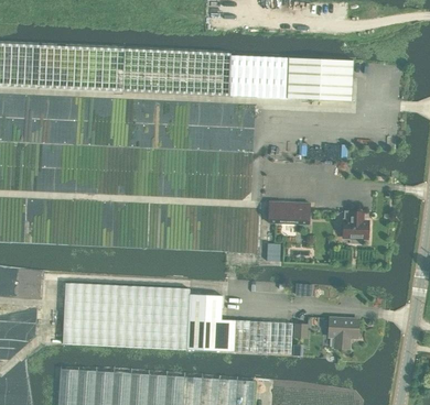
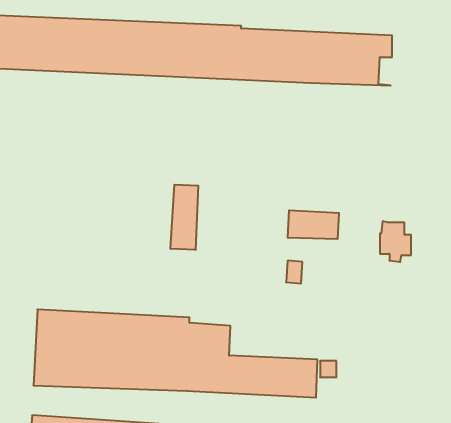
building: none -> [171,185,198,250]
building: [329,317,358,348] -> none

